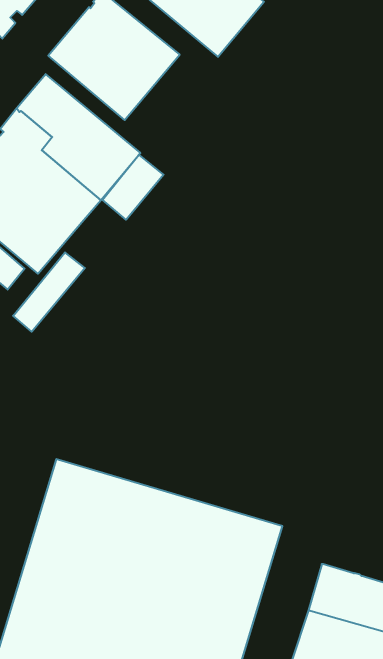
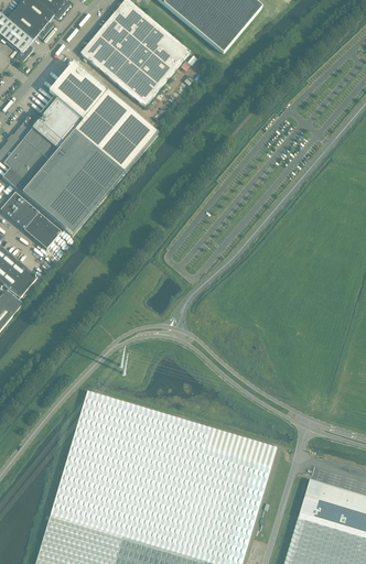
building: [103,155,164,220] -> none
building: [13,252,85,332] -> none

